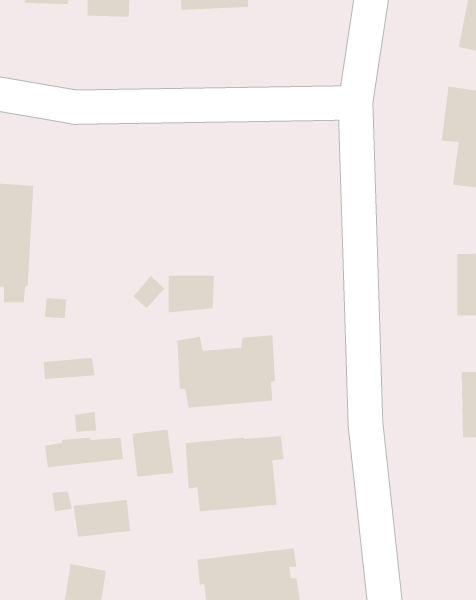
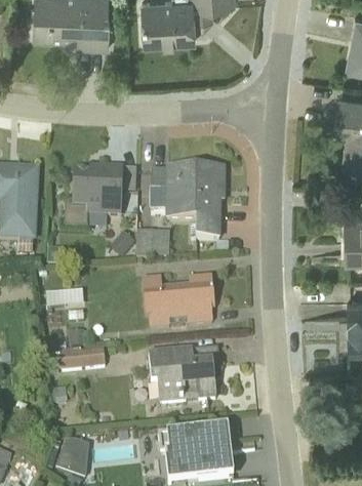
building: none -> [65,166,136,229]
building: none -> [150,169,224,240]
building: [132,429,174,478] -> none
building: [72,499,131,538] -> none

